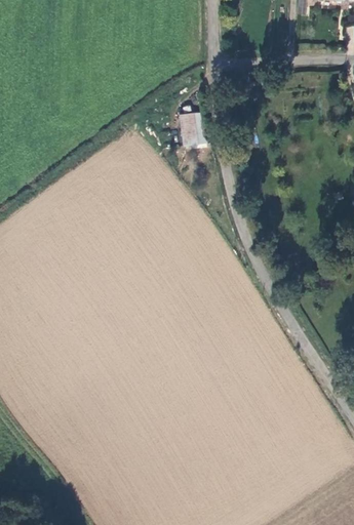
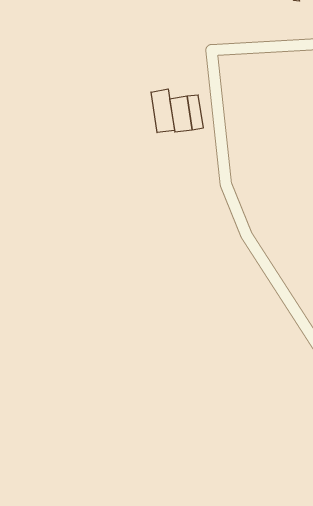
building: none -> [151,89,174,133]

